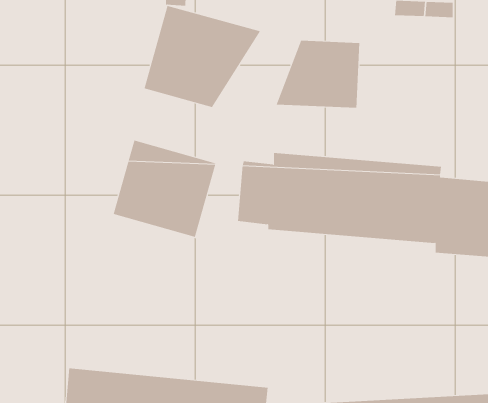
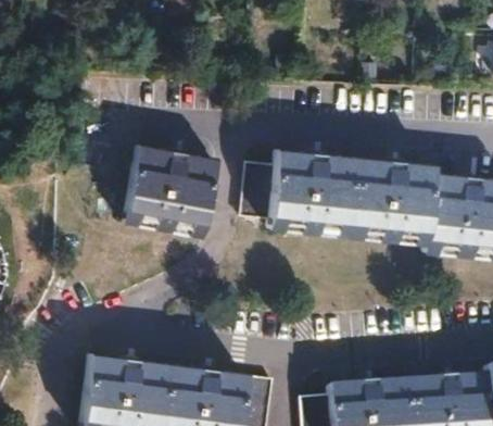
building: [144,5,261,108] -> none
building: [276,40,360,109] -> none

